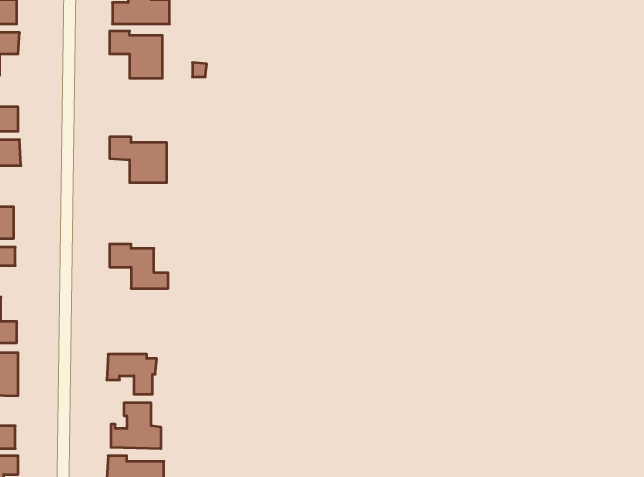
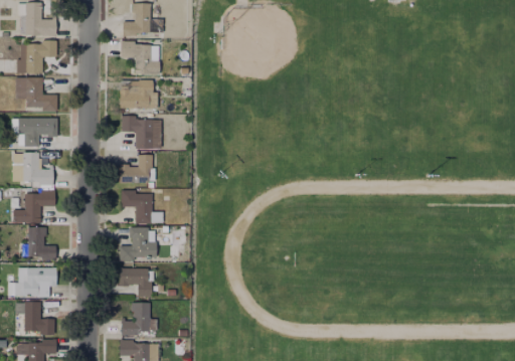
building: none -> [121,80,158,109]
building: none -> [119,156,155,183]
building: none -> [119,228,156,258]

